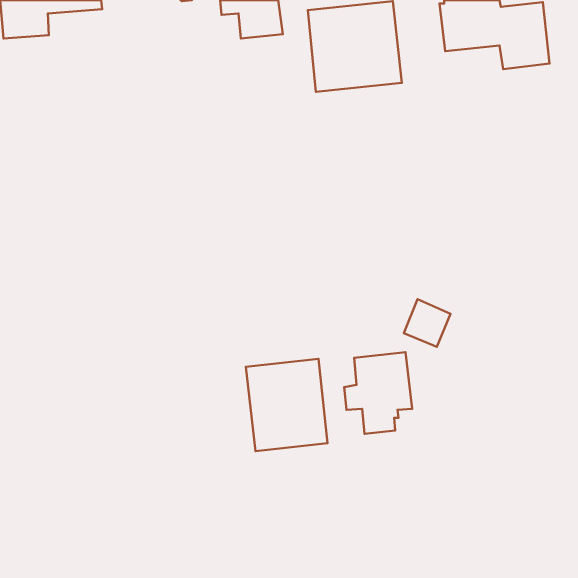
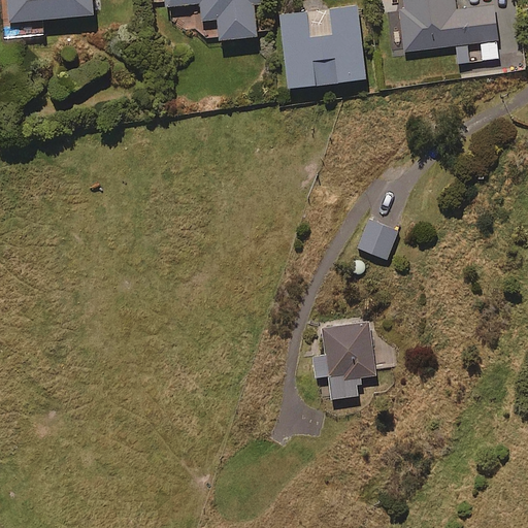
building: [404,299,450,347] -> [356,217,398,260]
building: [246,359,327,451] -> none

